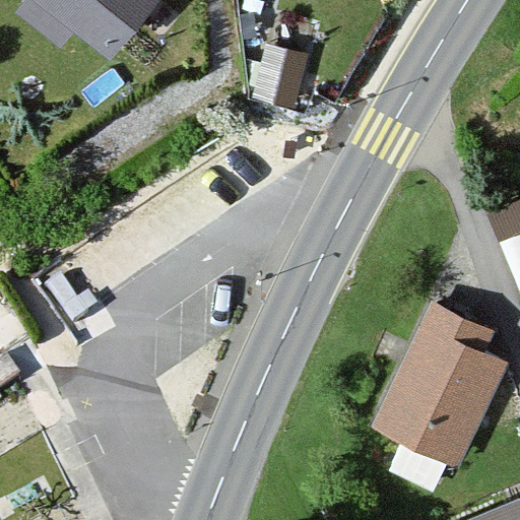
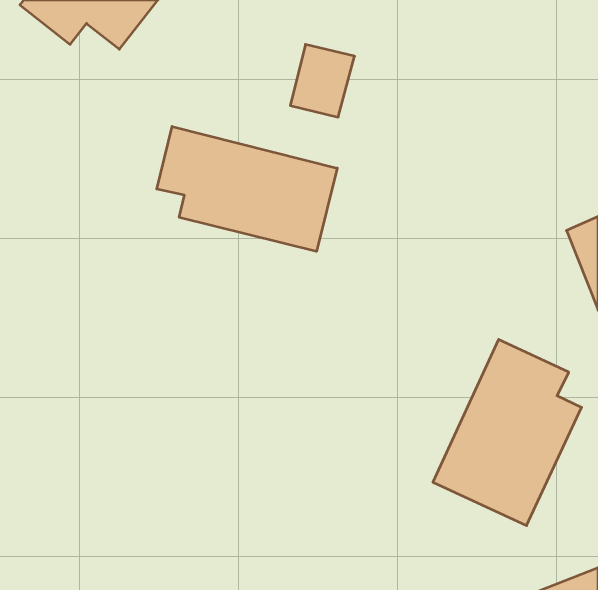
building: none -> [157,126,337,251]

